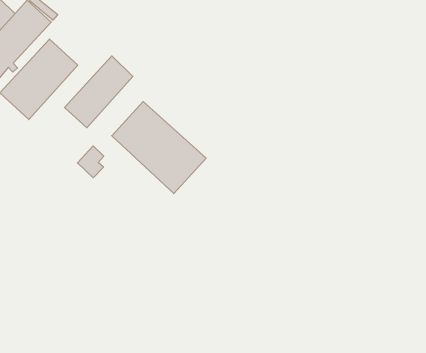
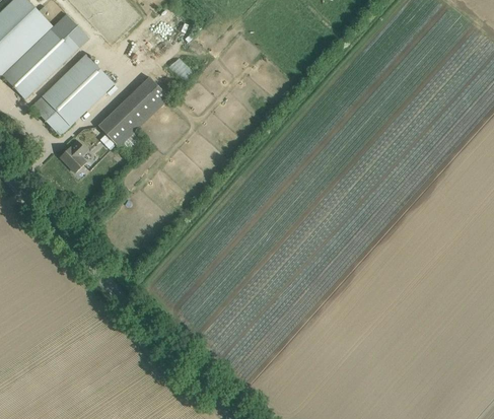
building: [112,102,206,194] -> none
building: [77,146,104,178] -> [59,140,86,172]

